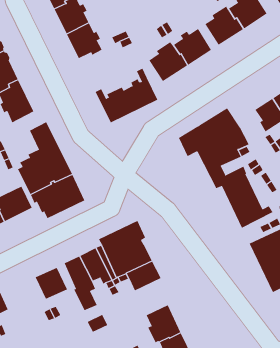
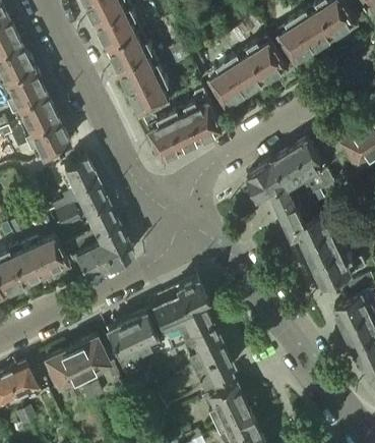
building: none -> [125,67,171,114]
building: none -> [44,349,84,391]
building: none -> [194,350,236,387]

